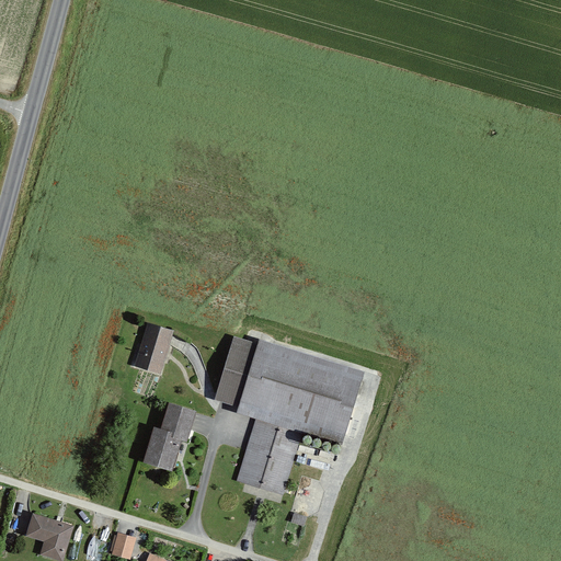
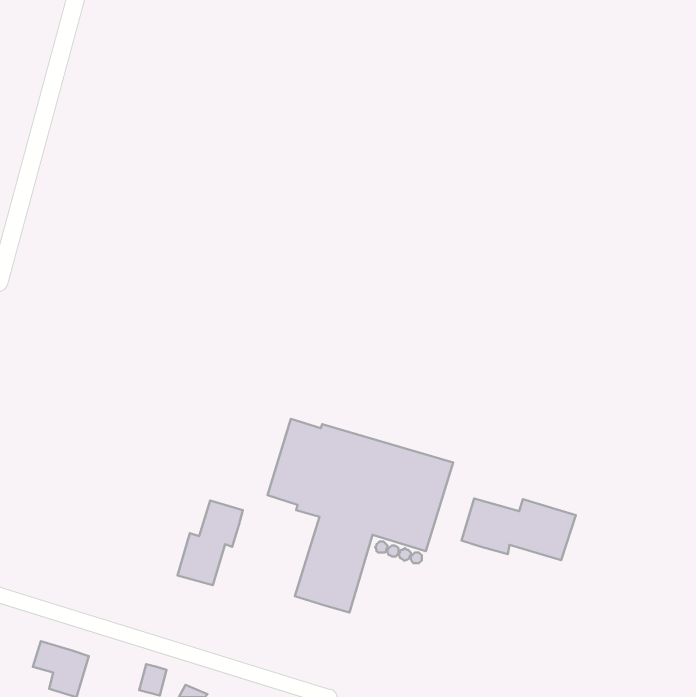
building: [135,323,172,373] -> none
building: none -> [461,498,576,560]

